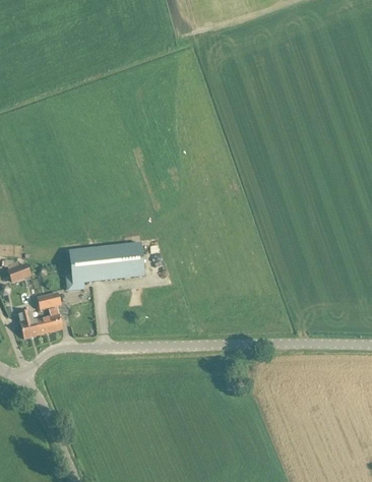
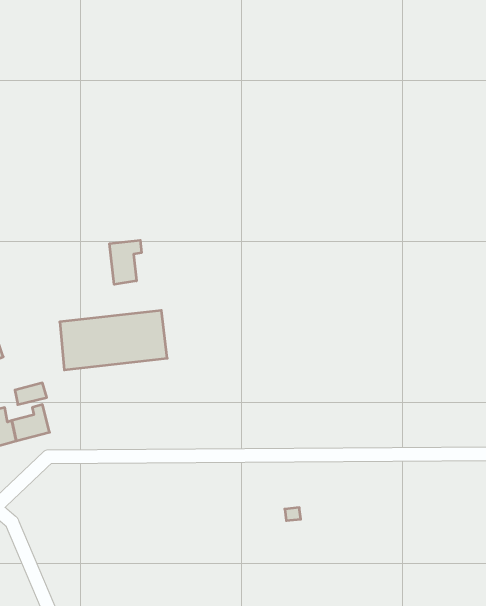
building: none -> [110,240,141,284]

